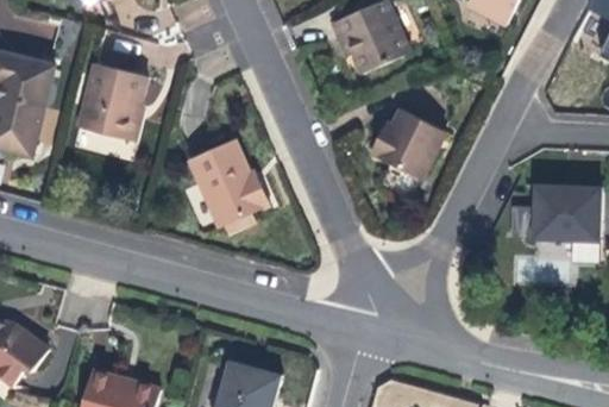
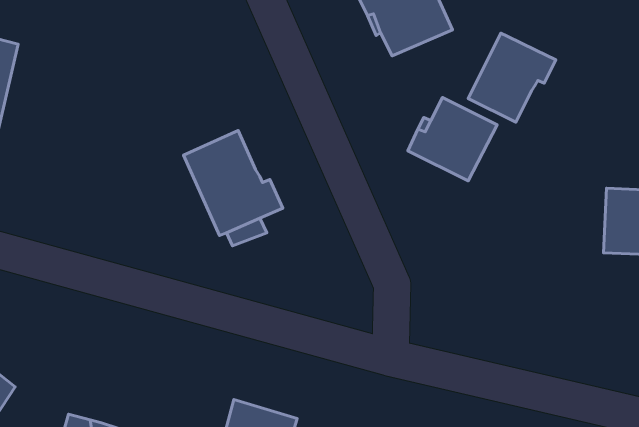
building: none -> [468,33,556,122]
building: [77,62,146,137] -> none

